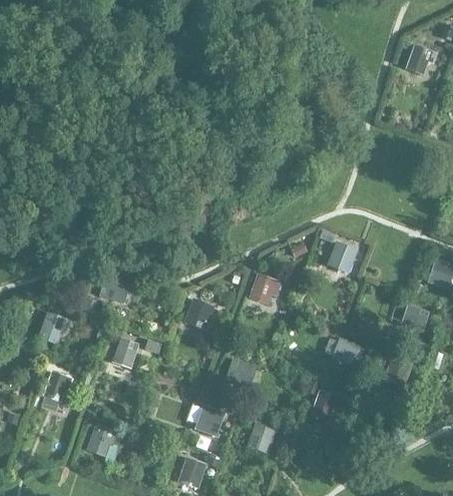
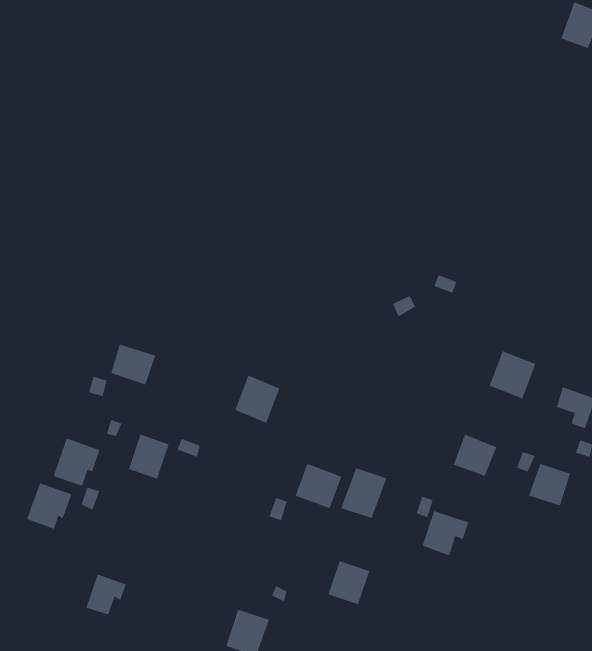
building: [326,240,358,274] -> [489,351,536,399]
building: [250,273,282,304] -> none
building: [38,311,70,344] -> [53,438,100,487]
building: none -> [340,467,387,519]
building: [194,404,225,436] -> none

